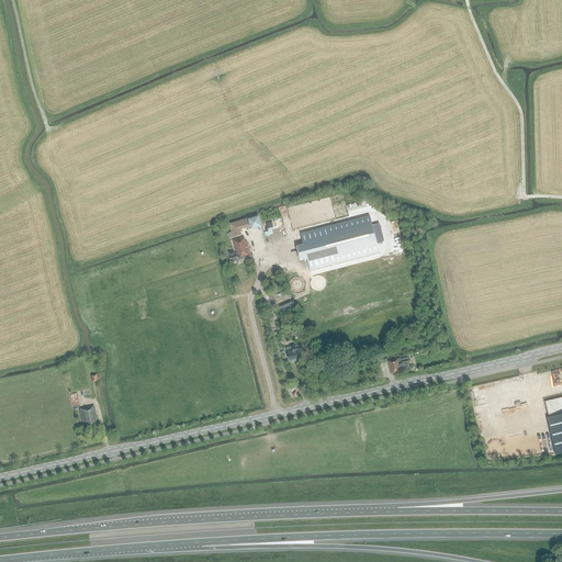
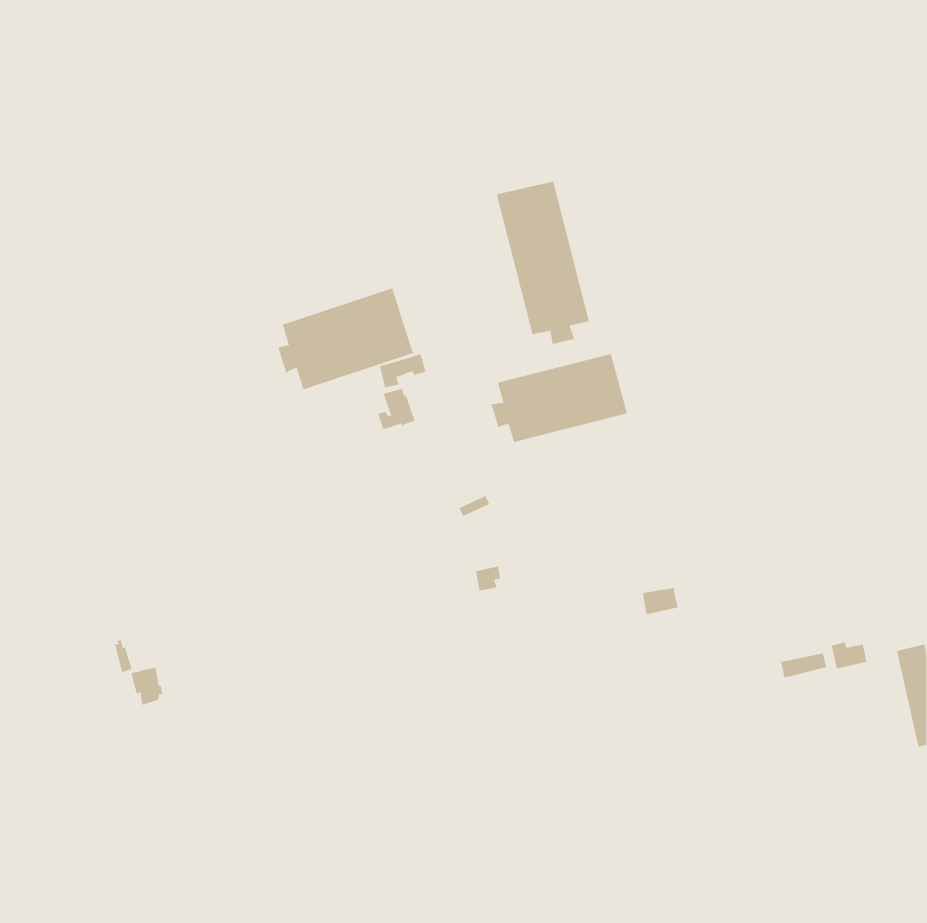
building: none -> [496,181,589,345]
building: none -> [277,288,413,390]

